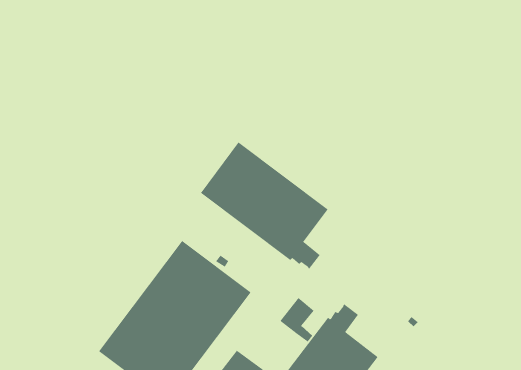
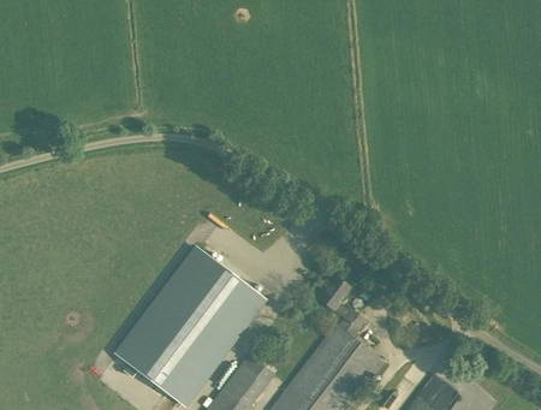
building: [200,141,328,270] -> none
building: [280,297,315,342] -> [319,274,352,317]

